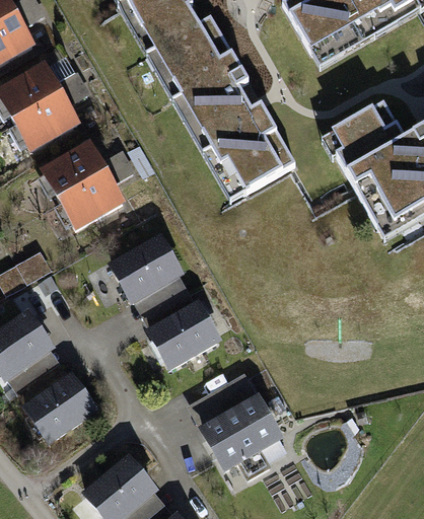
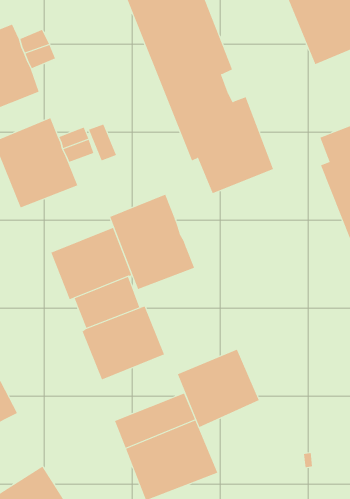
building: none -> [110,194,195,290]
building: none -> [177,349,260,428]

